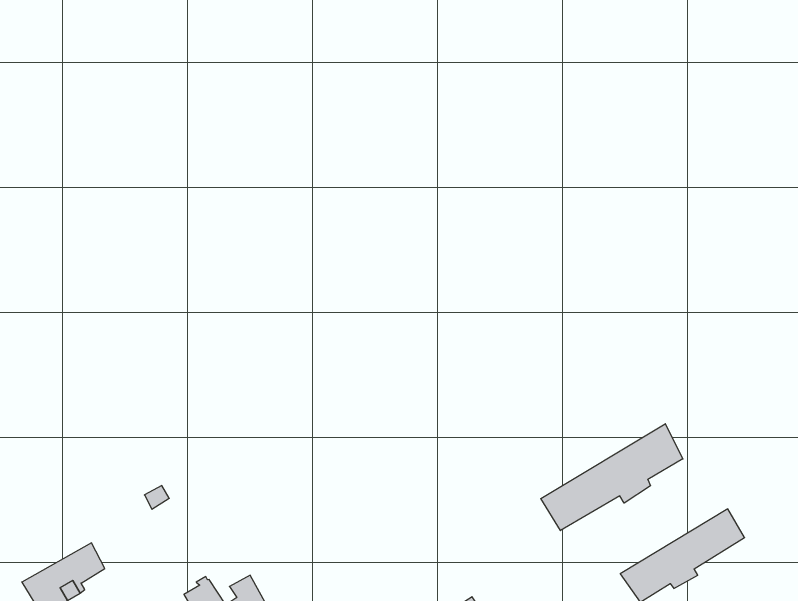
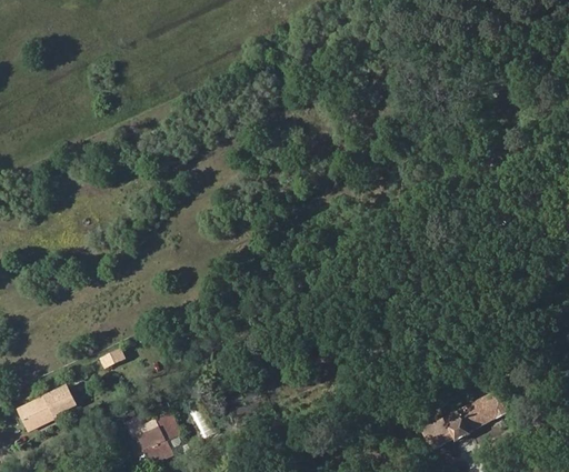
building: [541,424,683,531] -> none

